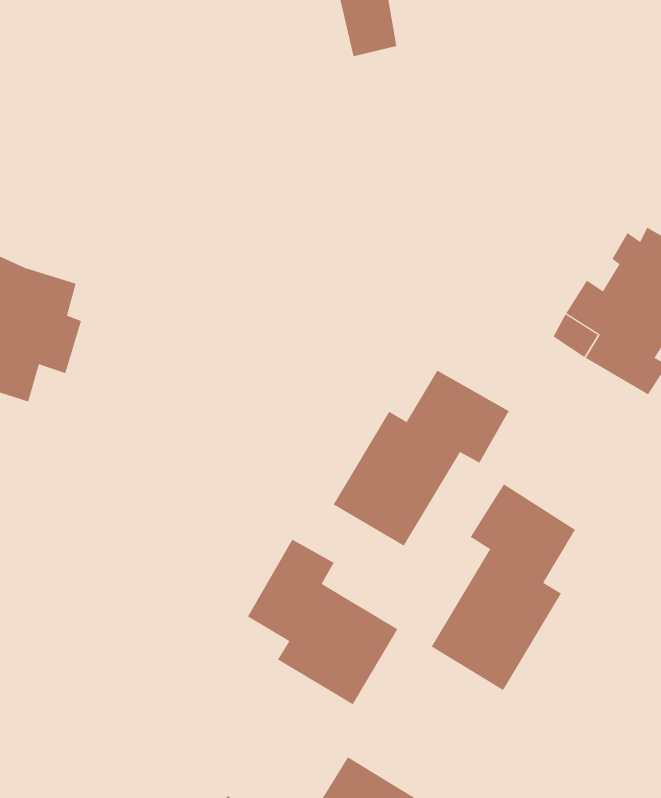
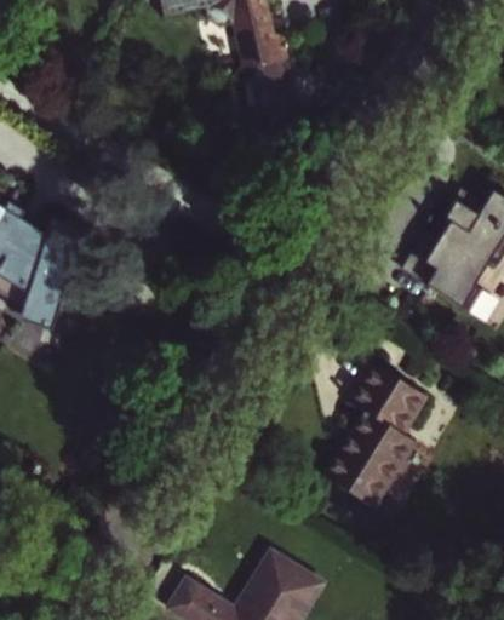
building: [333,370,509,547] -> none
building: [247,539,398,705] -> none

